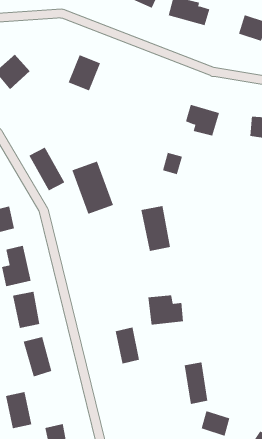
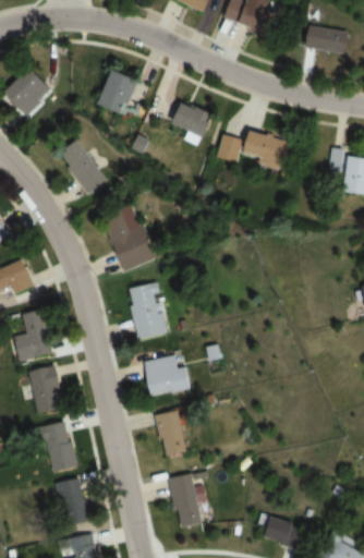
building: none -> [172,101,214,137]
building: [29,147,65,191] -> [59,138,105,194]
building: [162,152,183,175] -> [217,135,243,163]
building: [140,205,171,252] -> [126,281,165,339]
building: [147,295,184,325] -> [145,356,191,395]
building: [184,362,208,404] -> [171,475,202,529]
building: [5,392,32,429] -> [54,478,88,525]

